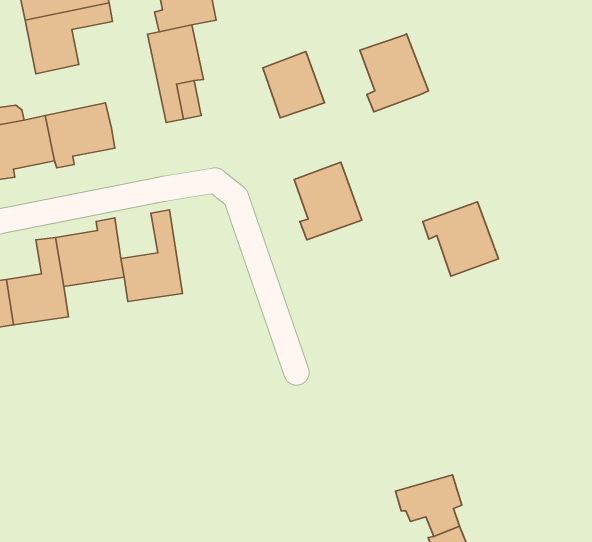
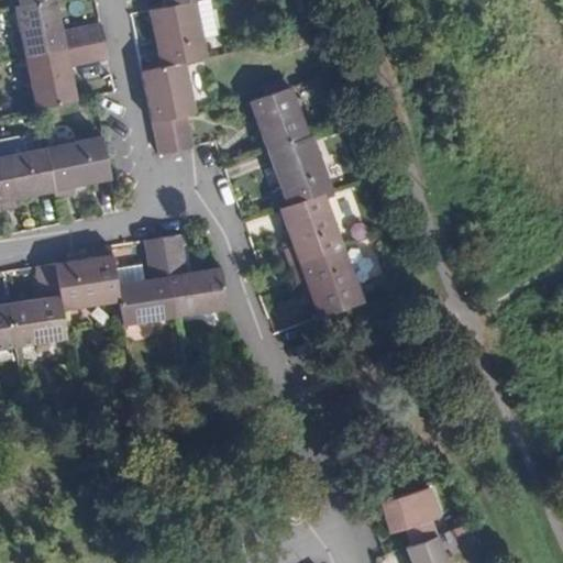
building: [360,34,428,112] -> [267,135,332,209]
building: [423,202,499,276] -> [292,247,364,318]
building: none -> [163,235,227,317]

